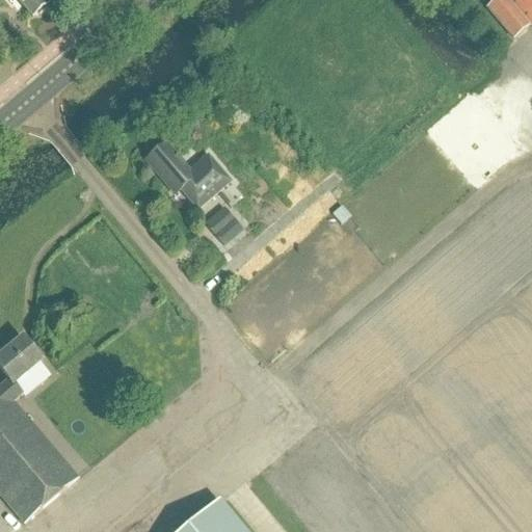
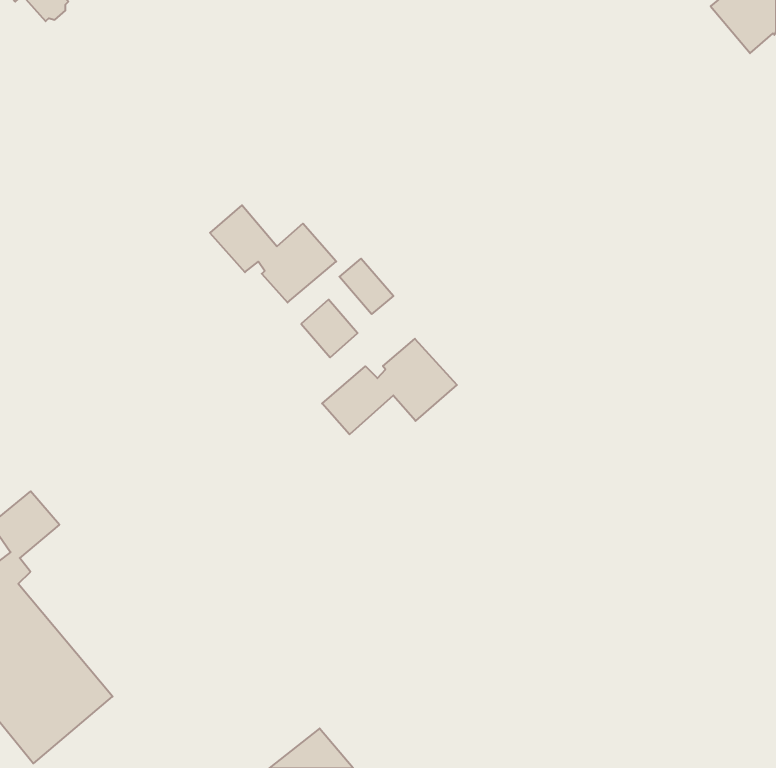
building: none -> [339,259,393,314]
building: none -> [322,339,457,434]

